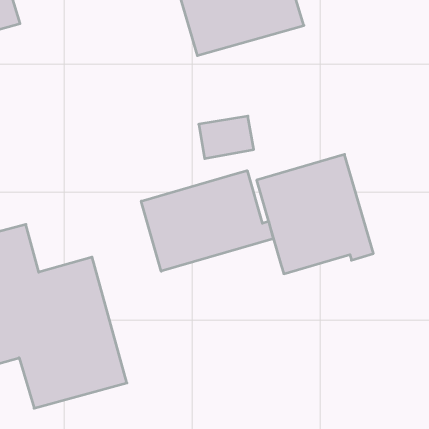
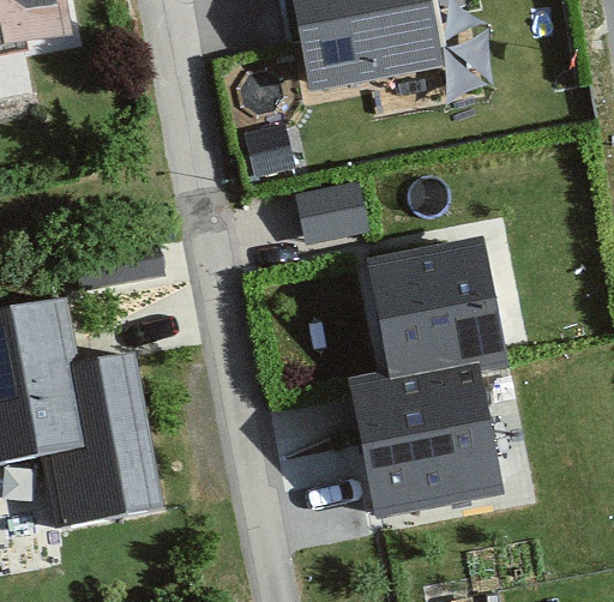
building: [141,171,273,271] -> none
building: none -> [347,367,501,518]

